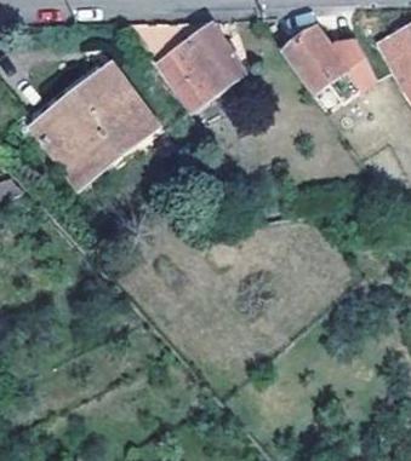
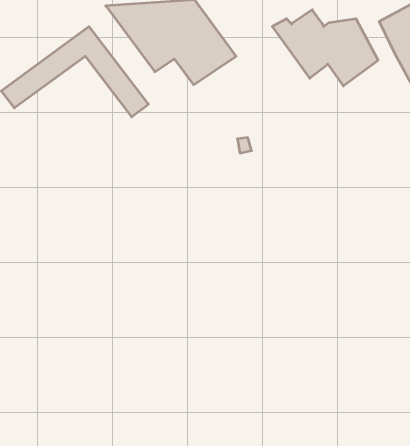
building: [38,74,148,181] -> none

